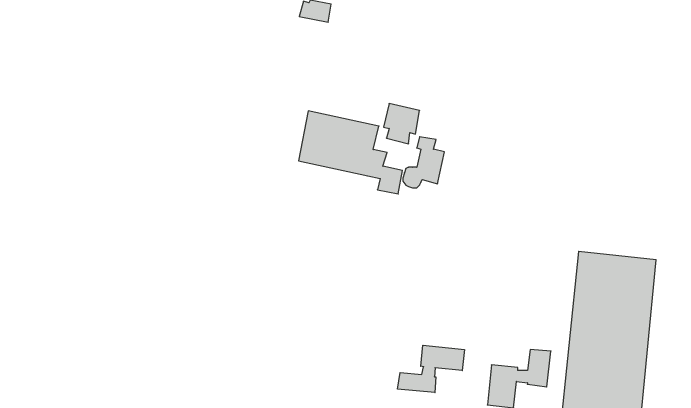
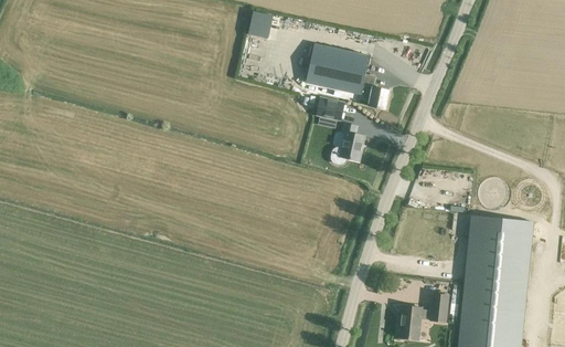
building: [299,111,402,194] -> [306,42,388,108]
building: [398,345,464,393] -> none

